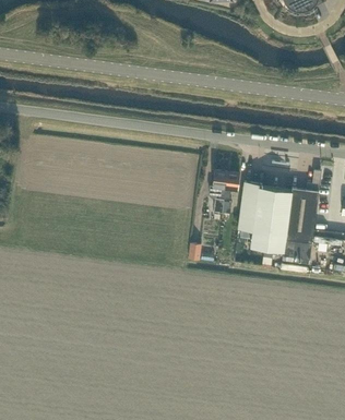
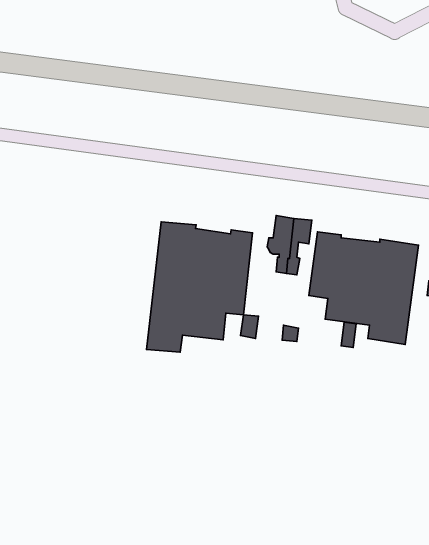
building: none -> [146,222,253,352]

